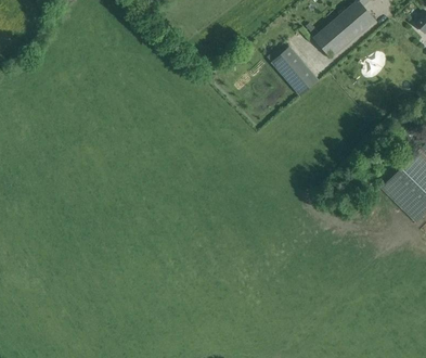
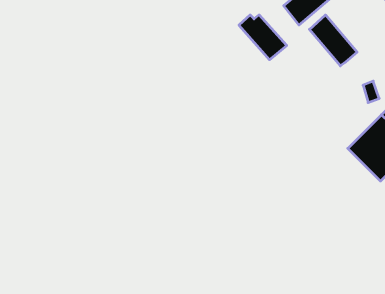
building: none -> [309,15,357,66]

